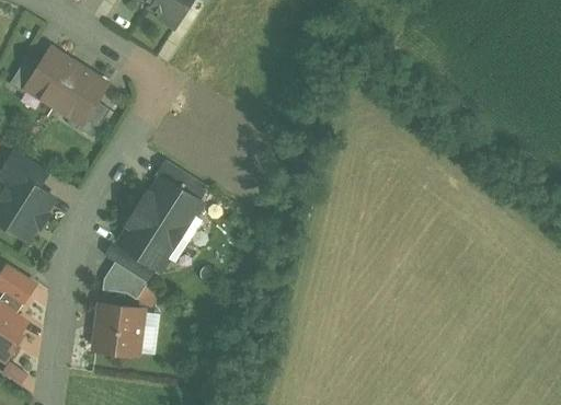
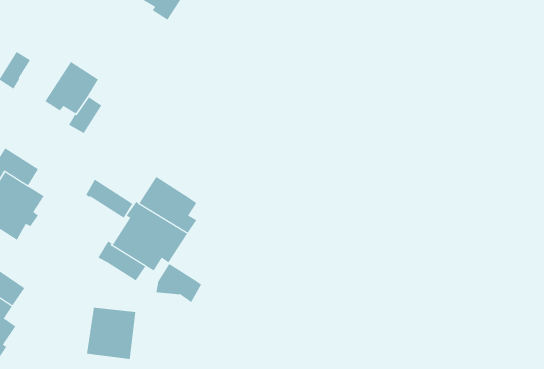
building: [30,48,79,104] -> none
building: [157,159,203,197] -> [86,179,133,219]
building: [102,261,147,299] -> [155,263,202,303]

